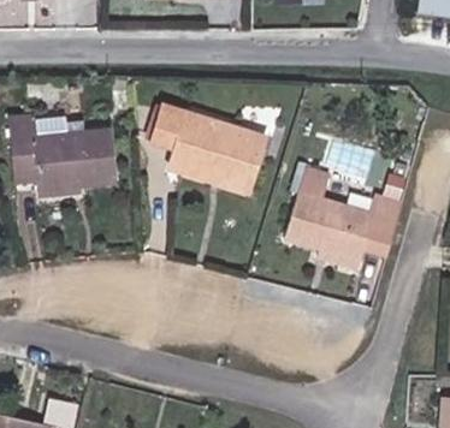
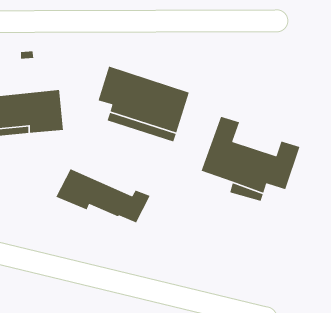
building: none -> [55,168,151,224]

